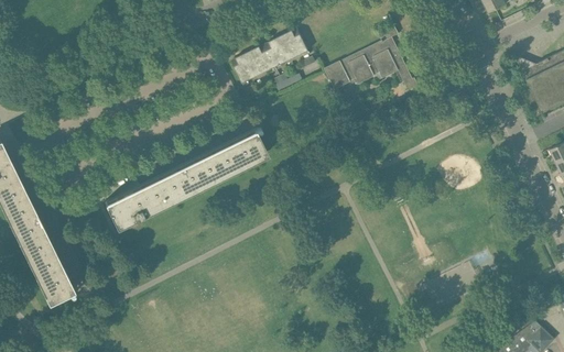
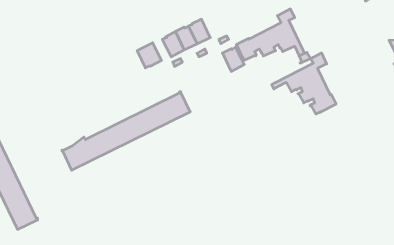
building: [281,29,308,59] -> [222,47,244,71]
building: none -> [137,43,161,68]
building: none -> [272,53,336,114]

